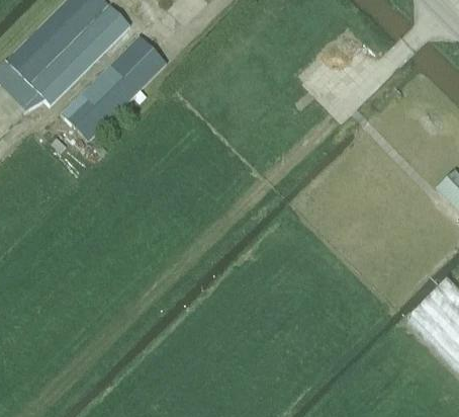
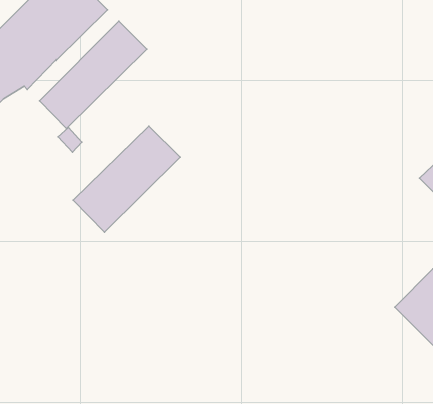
building: none -> [73,126,180,232]

